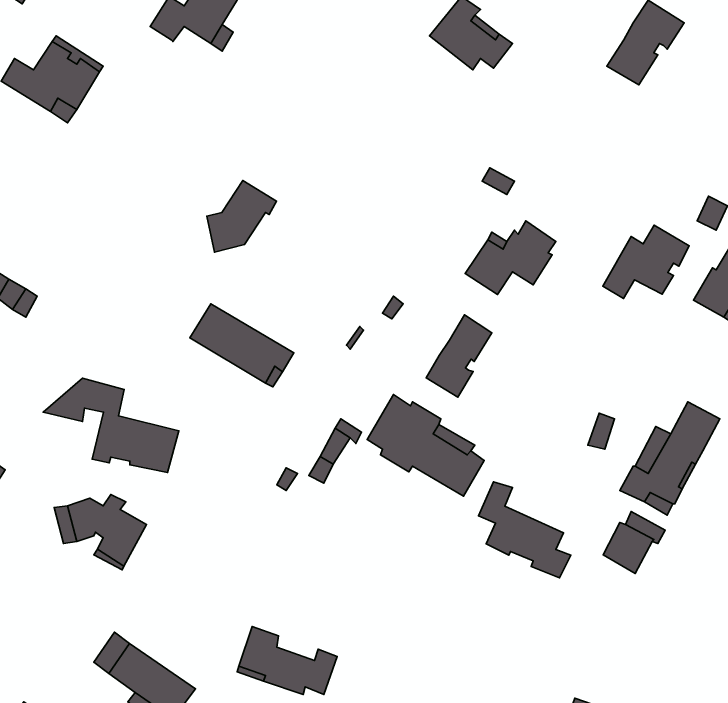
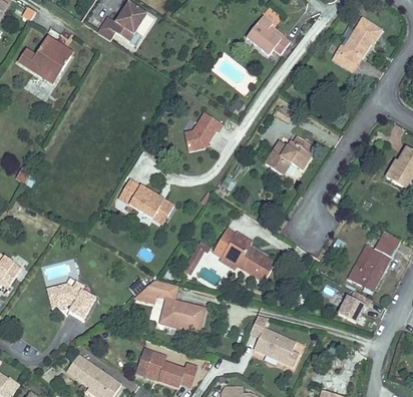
building: none -> [332,26,357,71]
building: [207,180,277,252] -> [184,113,222,151]
building: [603,225,689,299] -> none
building: [426,315,492,397] -> none
building: [43,378,179,472] -> [133,280,205,330]
building: [479,482,571,578] -> [250,315,299,366]

